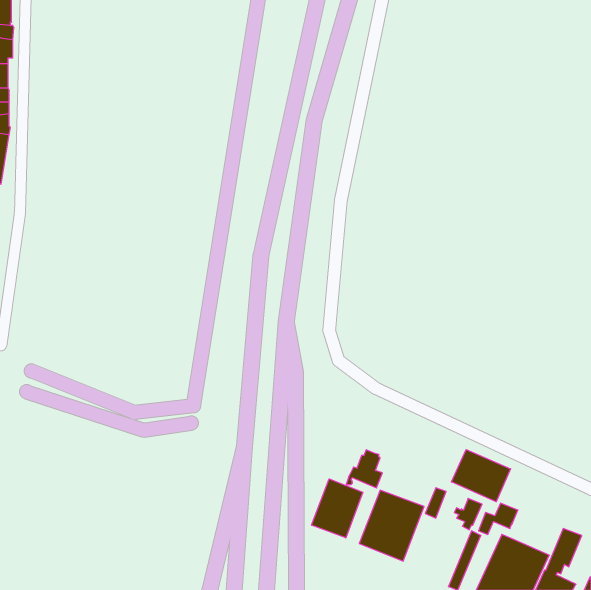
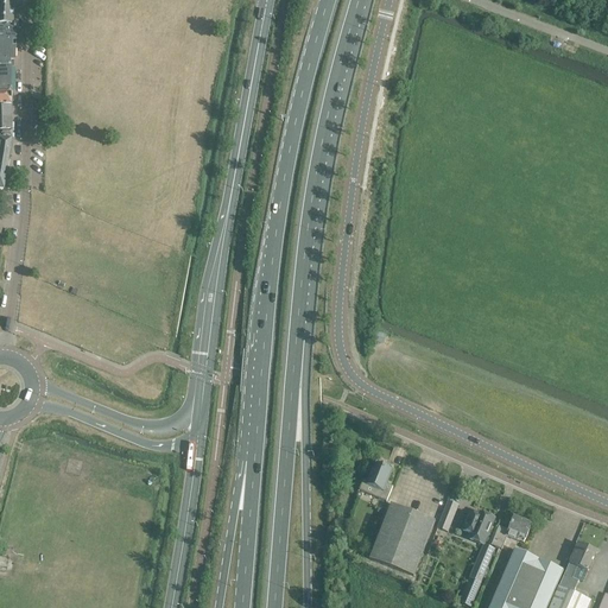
building: [451,450,511,502] -> none
building: [312,479,363,538] -> none

